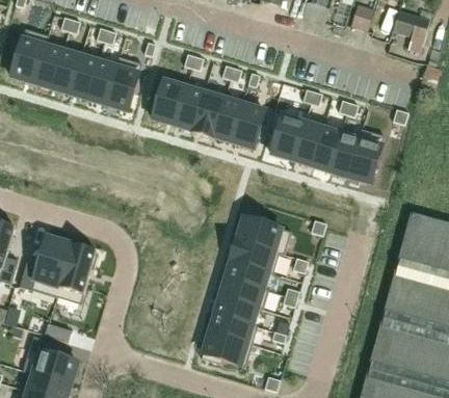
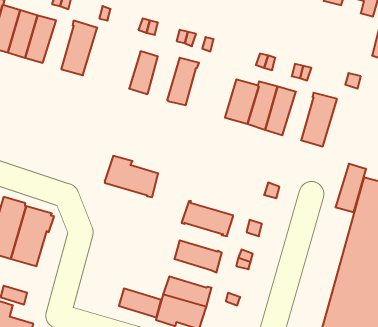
building: [87,56,118,105] -> none
building: [153,76,189,125] -> none
building: [191,87,226,139] -> none
building: [232,104,265,149] -> none
building: [329,128,361,177] -> [335,164,366,212]
building: [237,213,291,255] -> [105,156,158,197]
building: [226,260,269,289] -> none
building: [215,296,258,325] -> [119,288,161,317]

